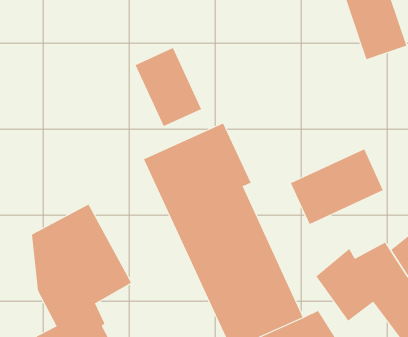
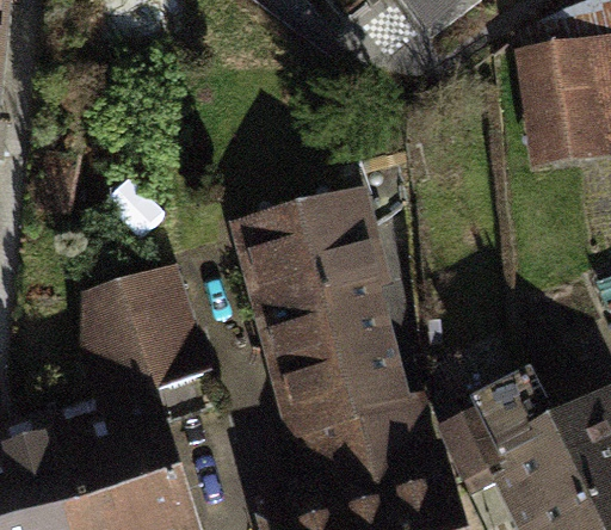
building: [135,47,202,127] -> none
building: [290,149,384,225] -> none

